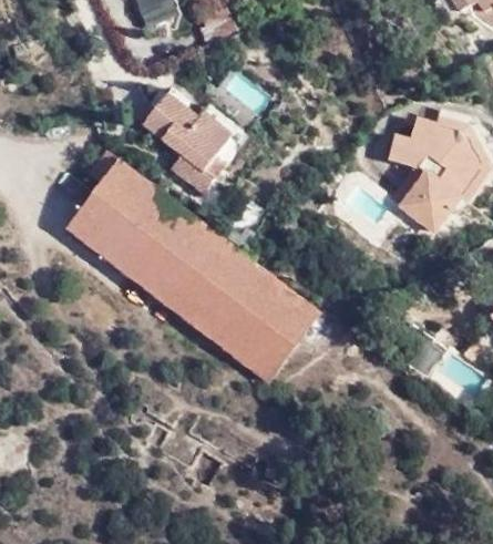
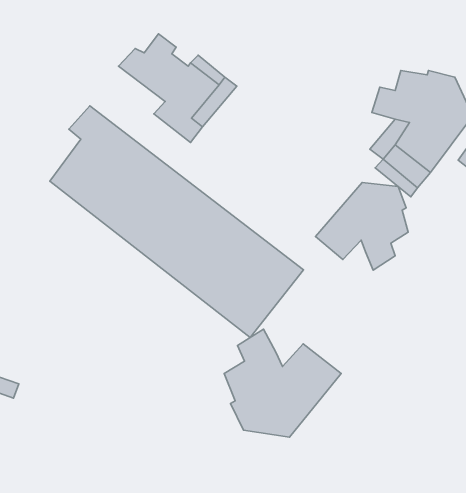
building: none -> [315,182,408,270]
building: none -> [224,329,341,437]

